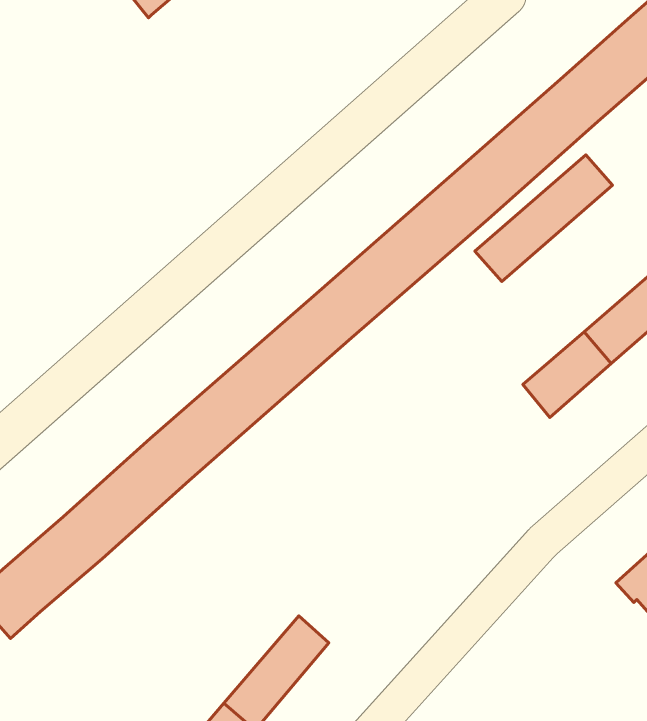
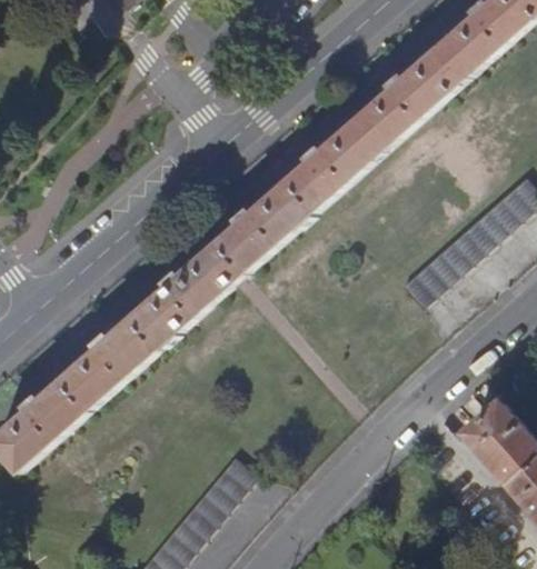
building: [475,155,613,282] -> none

